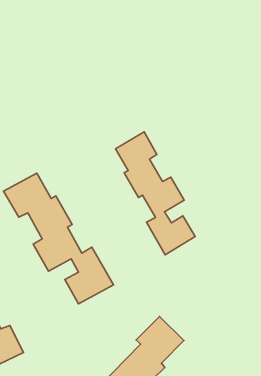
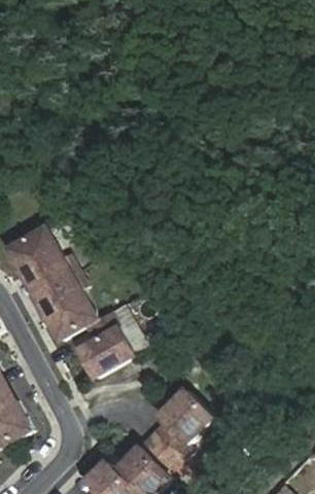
building: [116,132,195,255] -> none

